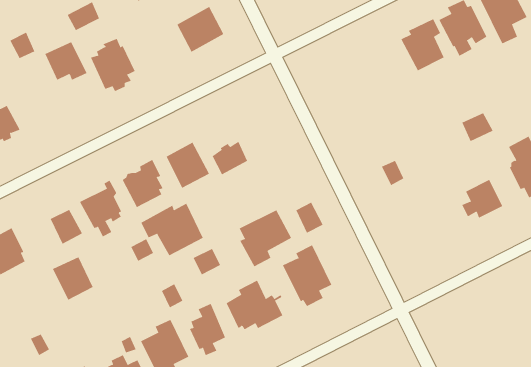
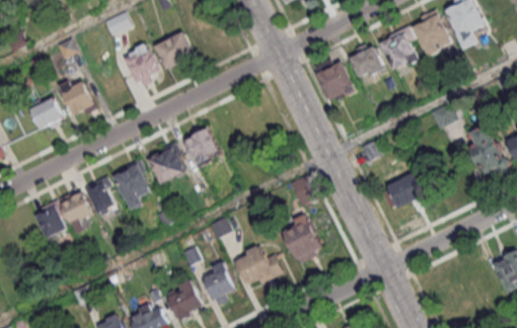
building: [176,6,224,53] -> [154,31,194,70]
building: none -> [348,44,382,78]
building: [45,42,87,81] -> [61,83,96,115]
building: none -> [313,60,356,100]
building: [212,141,248,175] -> none
building: [462,179,503,218] -> [383,176,418,209]
building: [140,203,203,256] -> none
building: [239,210,292,267] -> none
building: [52,257,94,301] -> [59,188,93,225]

